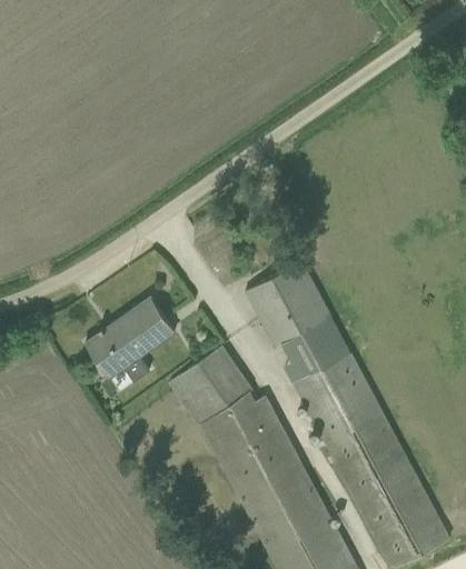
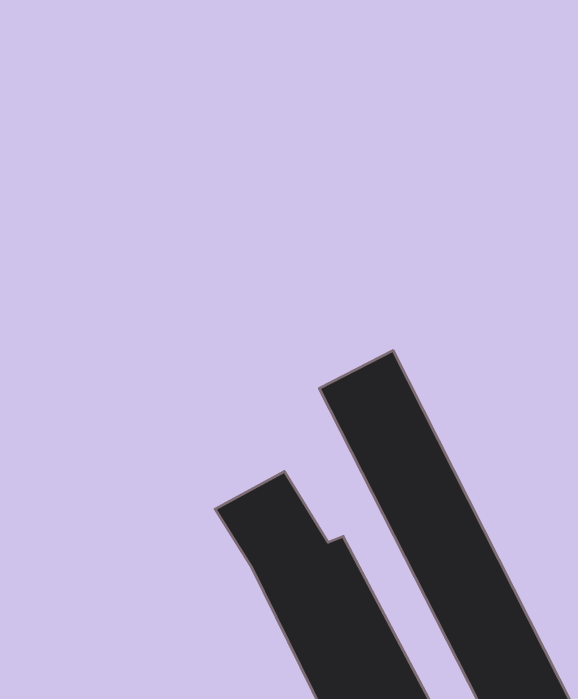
building: [91,292,184,375] -> none

